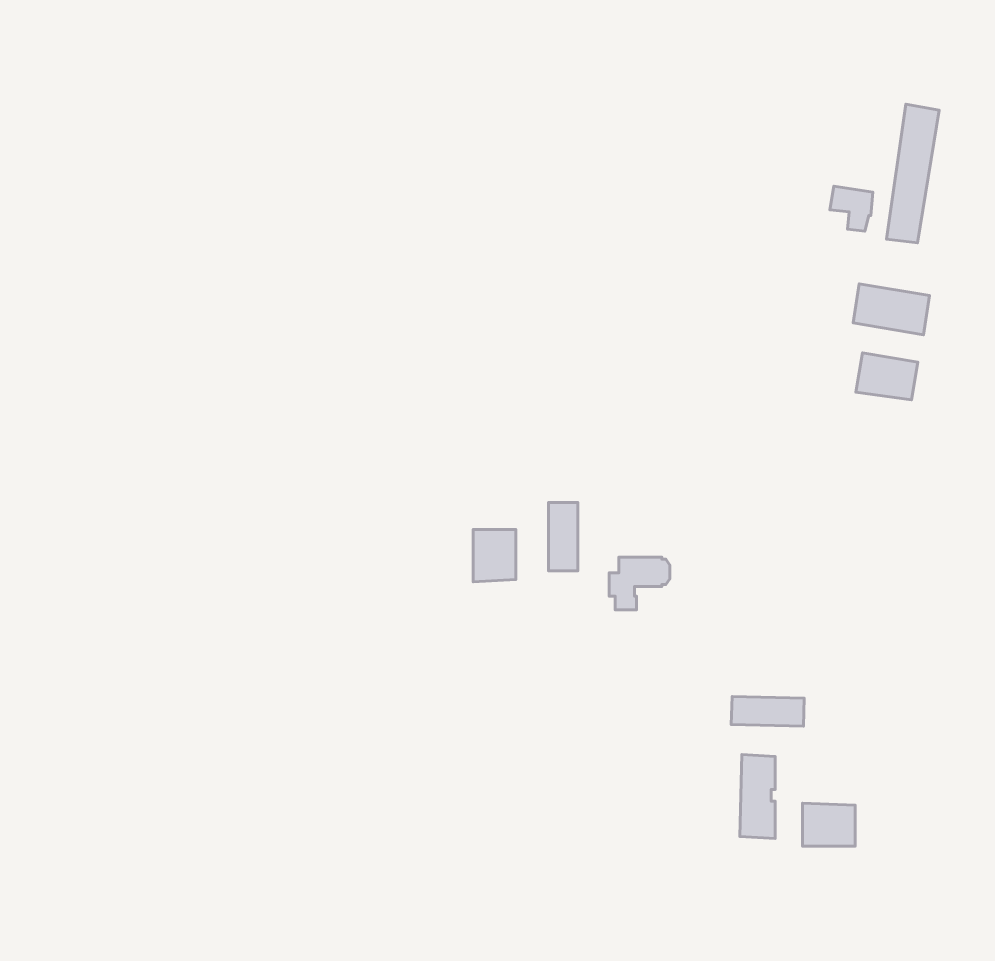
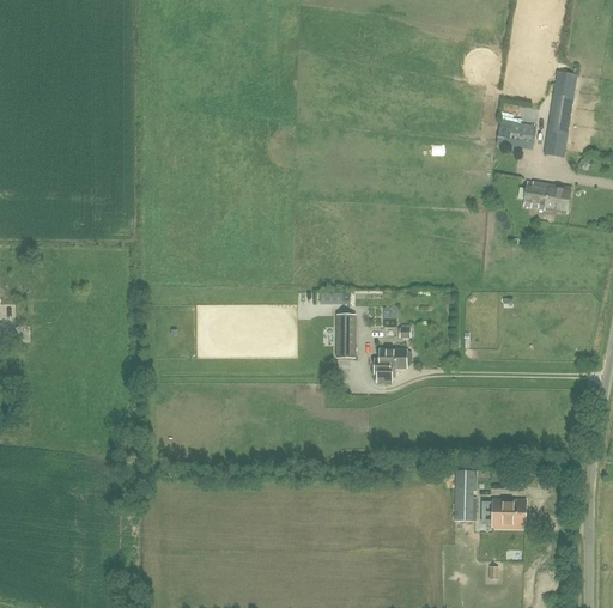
building: [856,353,918,400] -> none
building: [473,530,516,582] -> none
building: [731,696,804,726] -> none

